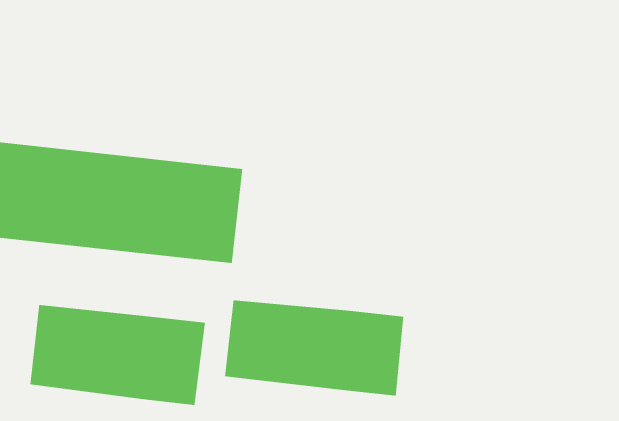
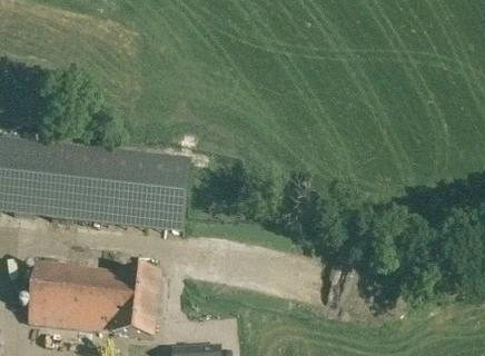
building: [224,299,404,397] -> none

